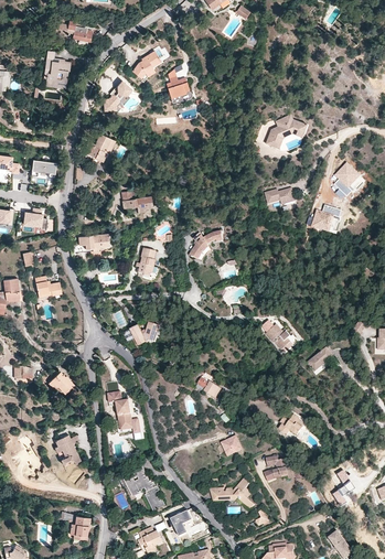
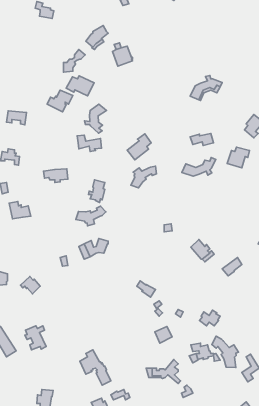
building: [44,57,71,89] -> none
building: none -> [66,76,94,96]
building: none -> [84,104,107,133]
building: none -> [127,134,151,160]
building: none -> [182,158,216,176]
building: none -> [76,206,106,226]
building: [107,390,141,432] -> none
building: none -> [212,336,239,367]

